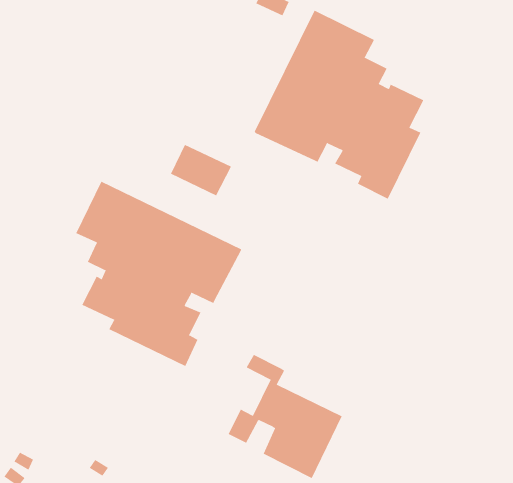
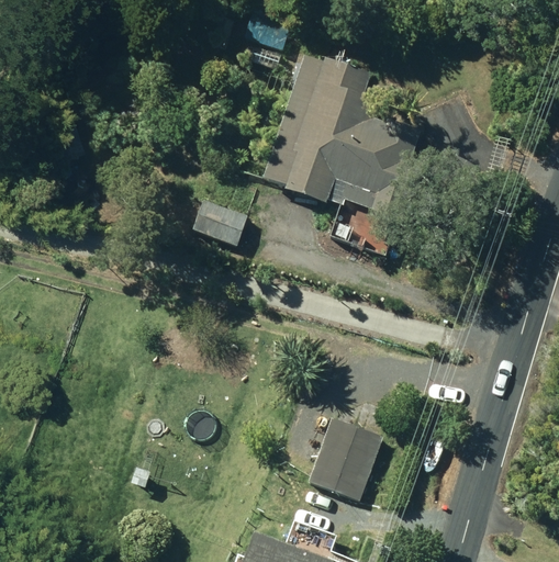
building: [76,181,242,367] -> none

